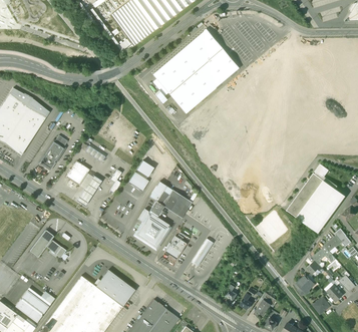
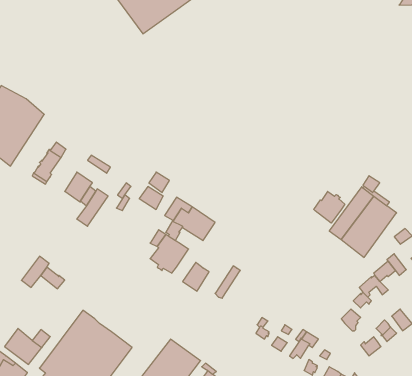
building: [151,30,239,113] -> none
building: none -> [314,191,345,223]
building: [91,270,135,307] -> none

